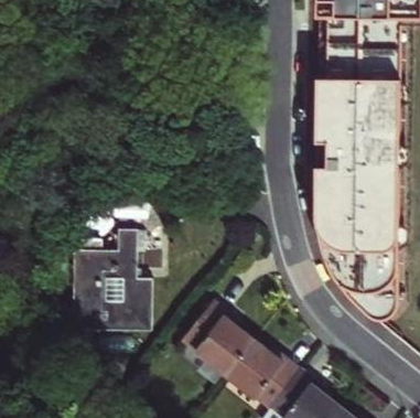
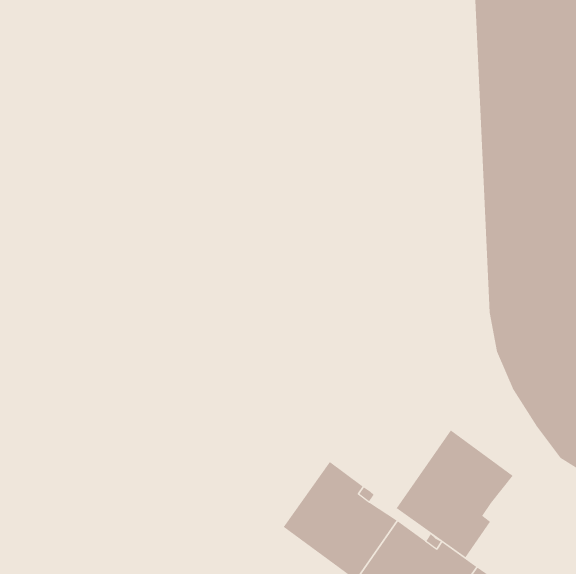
building: [72,229,151,331] -> none
building: none -> [396,429,513,558]

